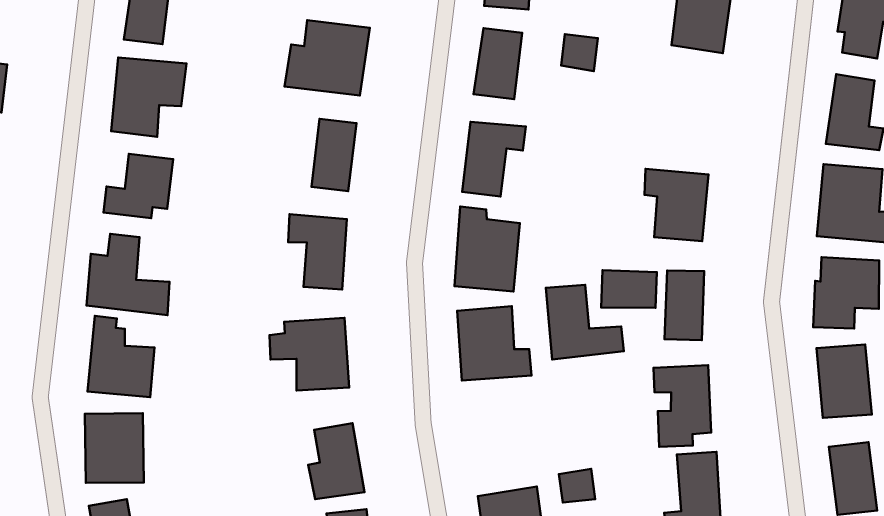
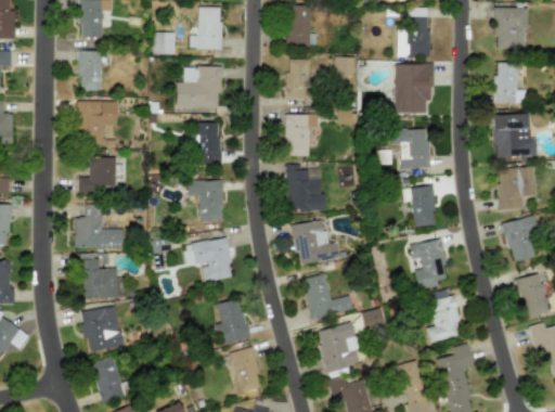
building: none -> [396,63,434,112]
building: [601,270,657,308] -> none
building: [546,285,624,359] -> [302,273,352,319]

